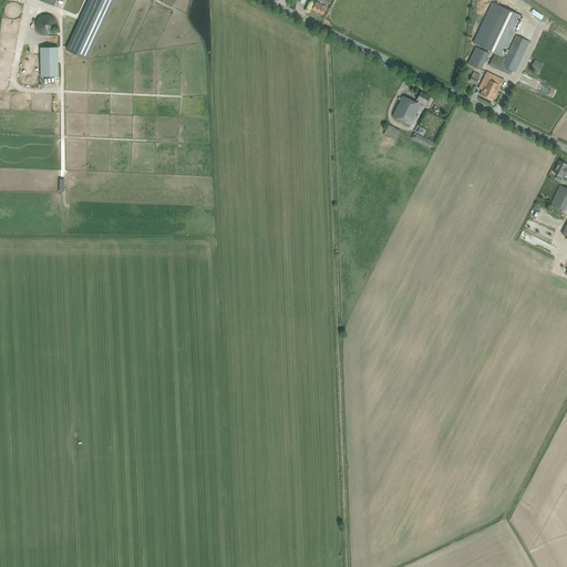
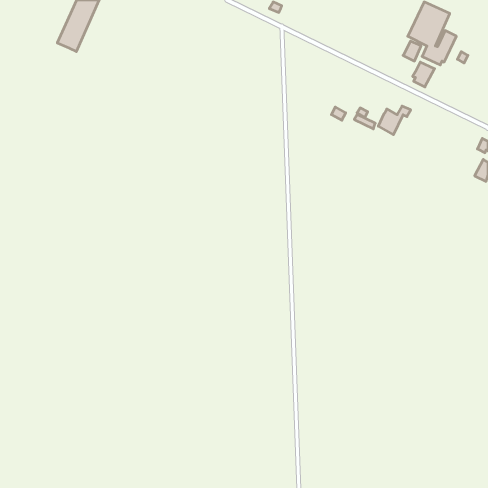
building: [41,47,61,76] -> none
building: [393,92,431,125] -> [378,106,411,135]

